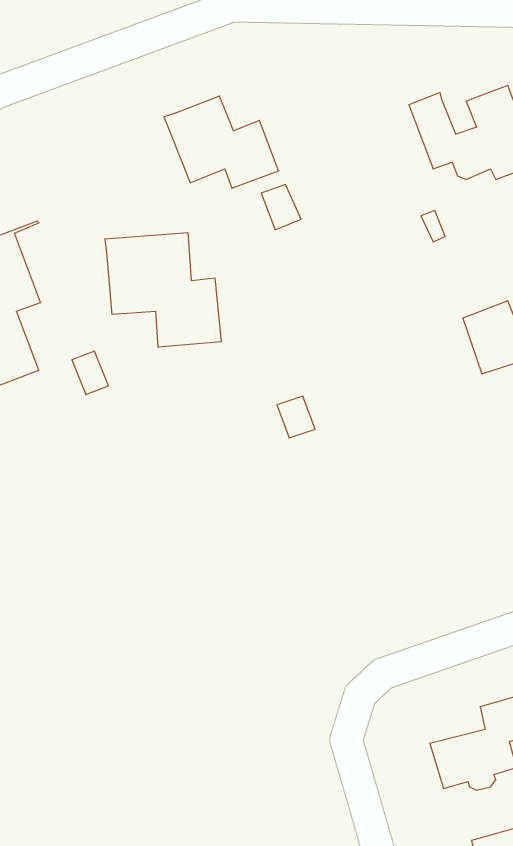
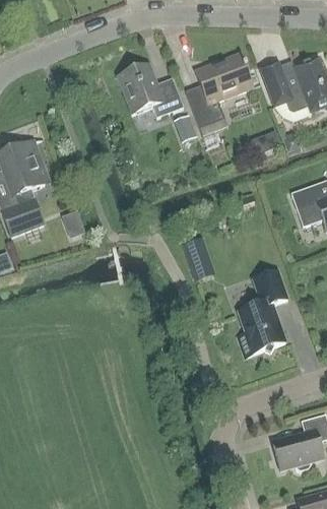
building: none -> [185,54,251,127]
building: [105,233,221,347] -> none
building: none -> [237,268,286,355]

